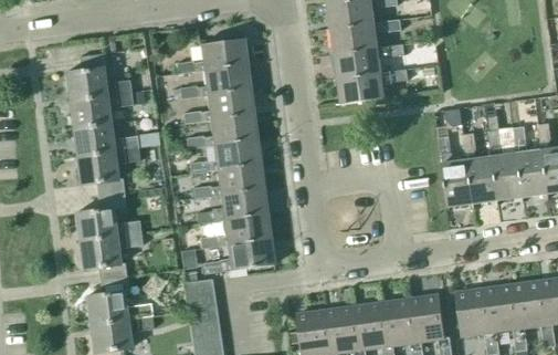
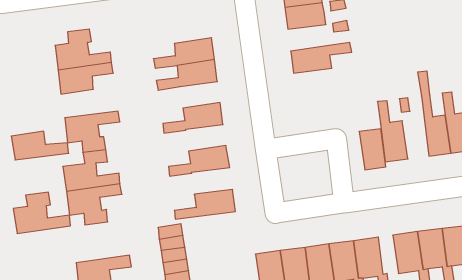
building: [177,38,248,73] -> none
building: [336,48,383,79] -> none
building: [188,114,257,148] -> none
building: [73,123,139,156] -> [11,131,69,160]
building: [468,156,499,203] -> [359,129,386,170]
building: [194,164,264,198] -> none
building: [201,213,272,249] -> none
building: [86,276,152,324] -> [13,192,70,233]

